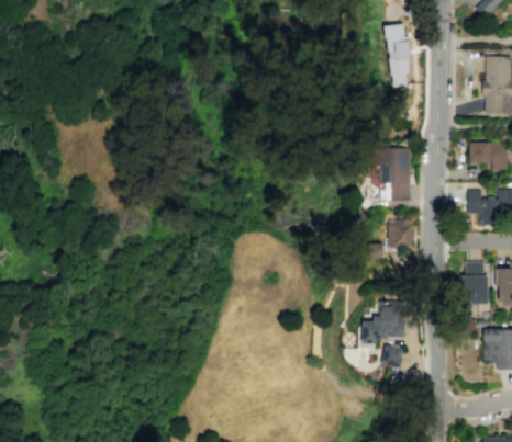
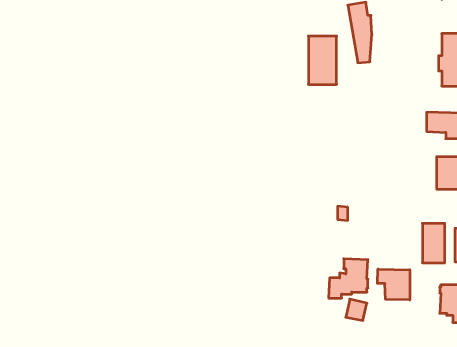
building: [380,148,411,201] -> [308,36,337,84]
building: [389,224,414,249] -> none
building: none -> [377,269,410,300]

